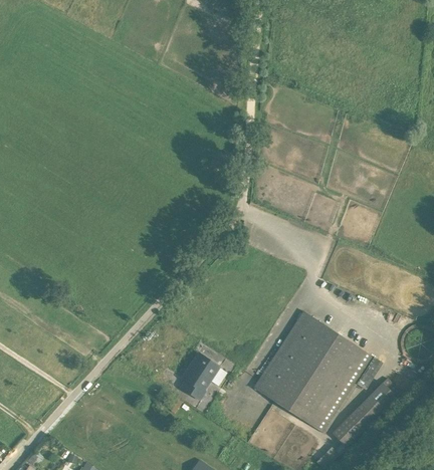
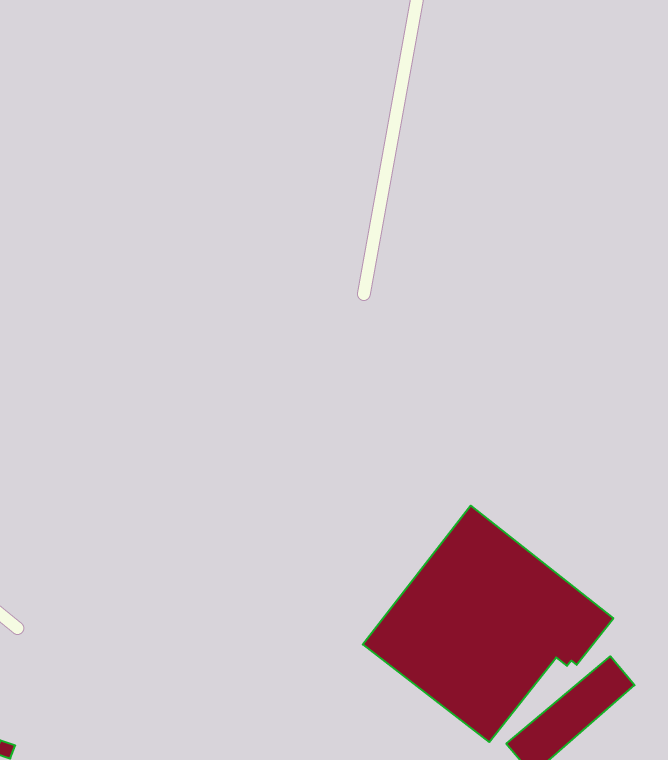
building: [180,354,218,401] -> none

